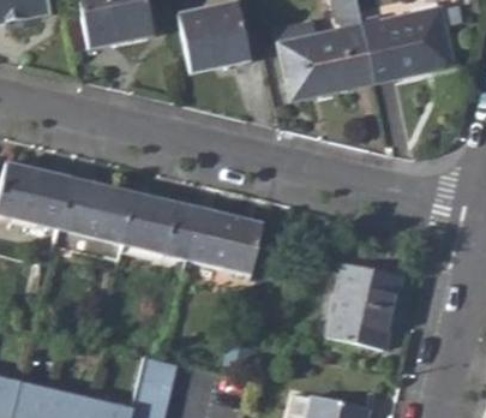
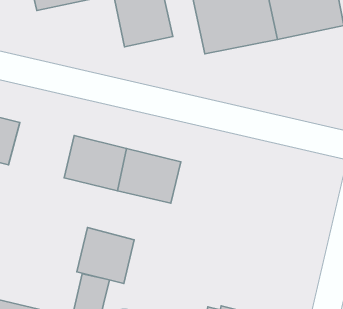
building: [58,177,136,243] -> none
building: [325,261,401,348] -> none
building: none -> [77,227,134,283]

